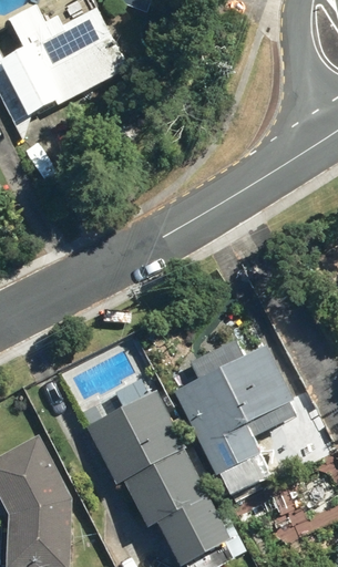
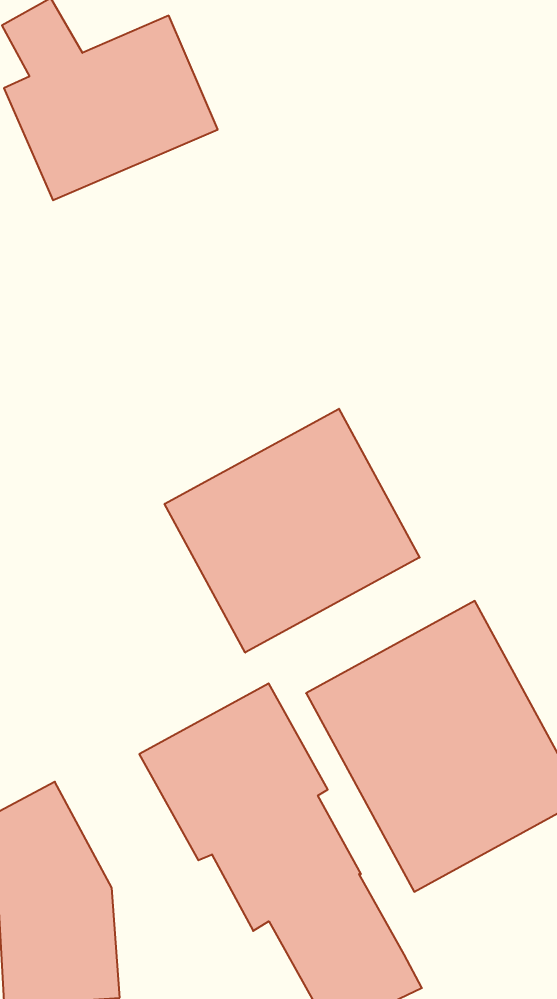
building: none -> [165,409,420,653]

